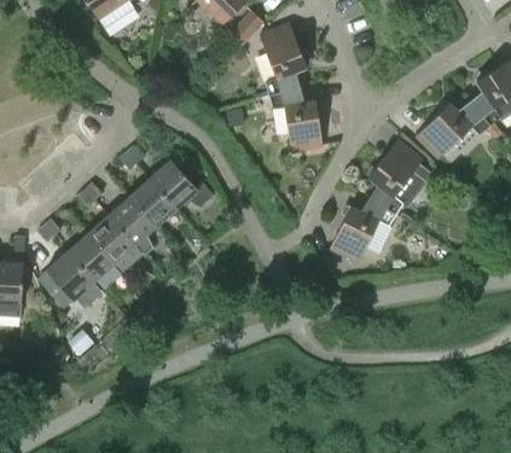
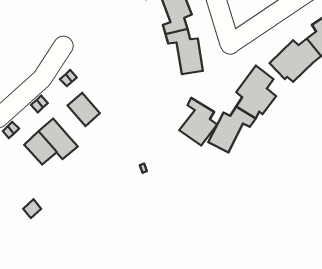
building: [150,158,213,207] -> none
building: none -> [179,98,217,145]
building: [109,196,155,254] -> none
building: [45,251,93,300] -> none

